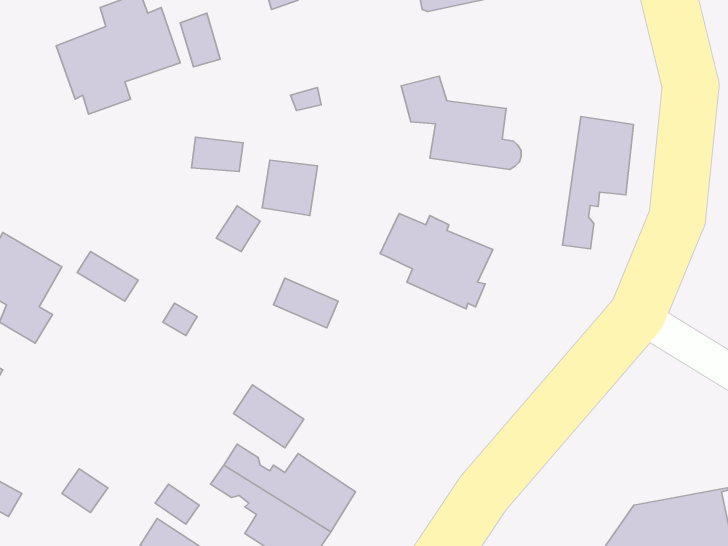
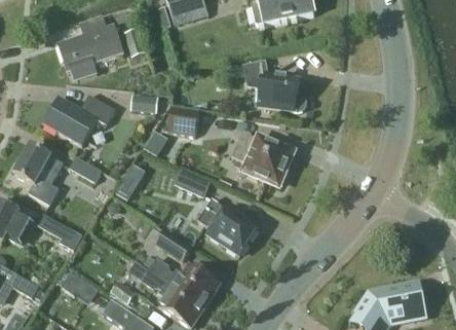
building: [563,117,634,249] -> none
building: none -> [44,93,116,144]
building: none -> [196,197,257,255]
building: none -> [37,211,83,249]

